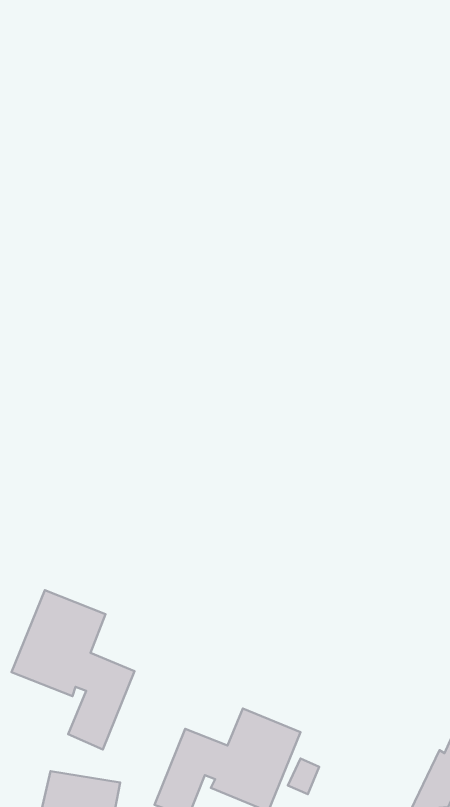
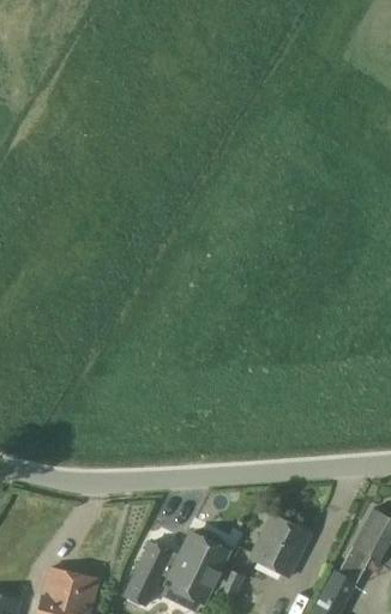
building: [12,590,134,749] -> none
building: none -> [249,514,311,578]

